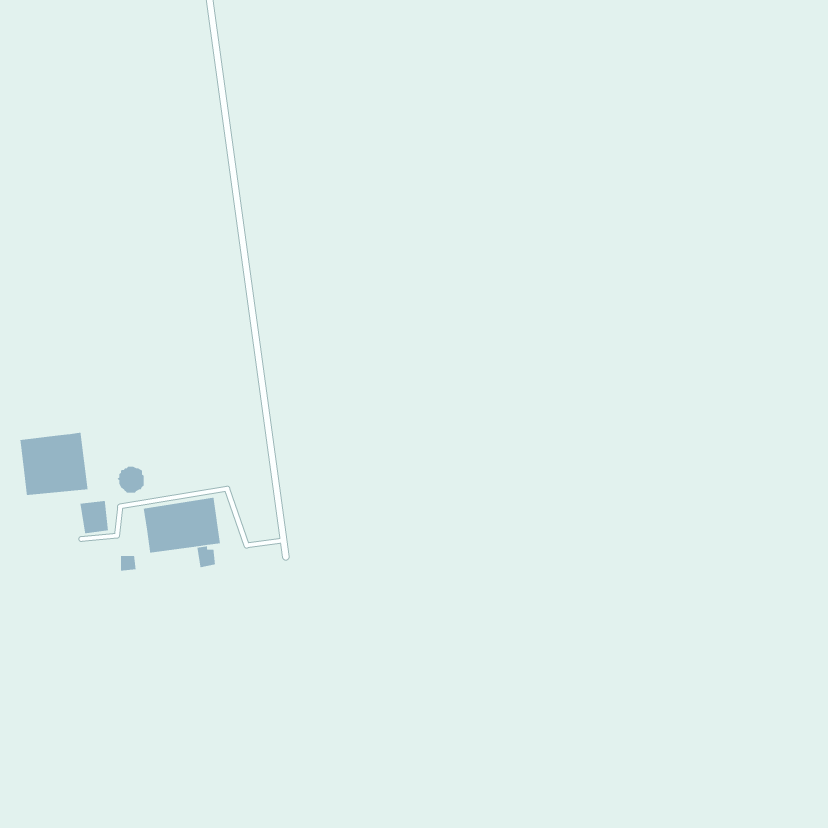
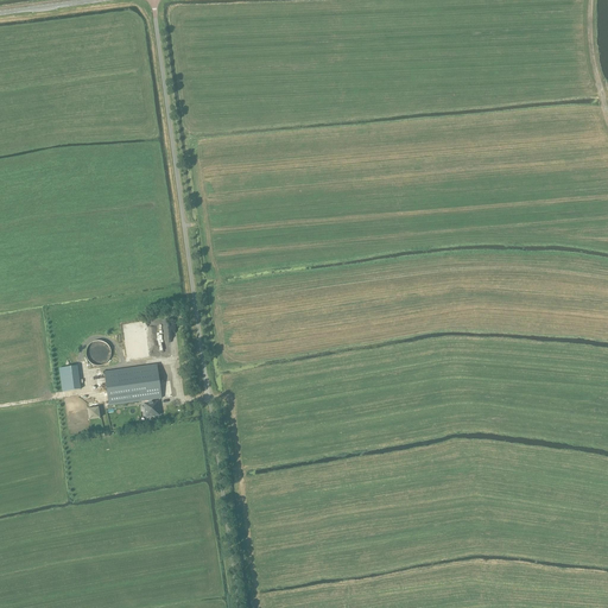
building: [19,432,88,496] -> none

